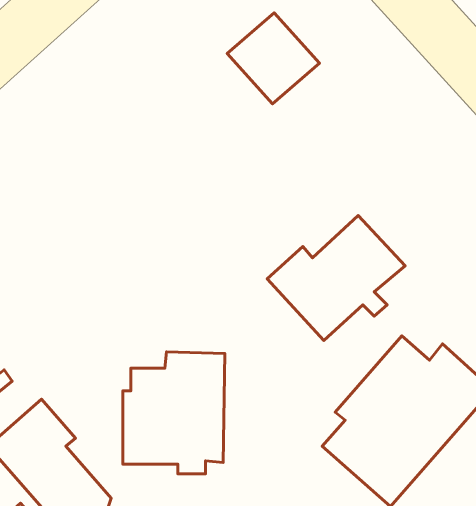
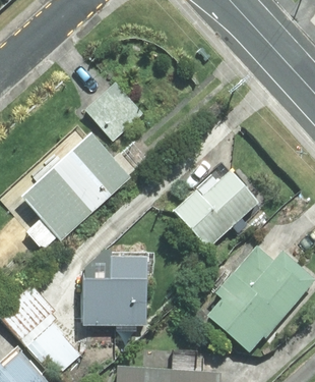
building: [227,13,320,104] -> [86,83,144,140]
building: none -> [20,131,131,250]

